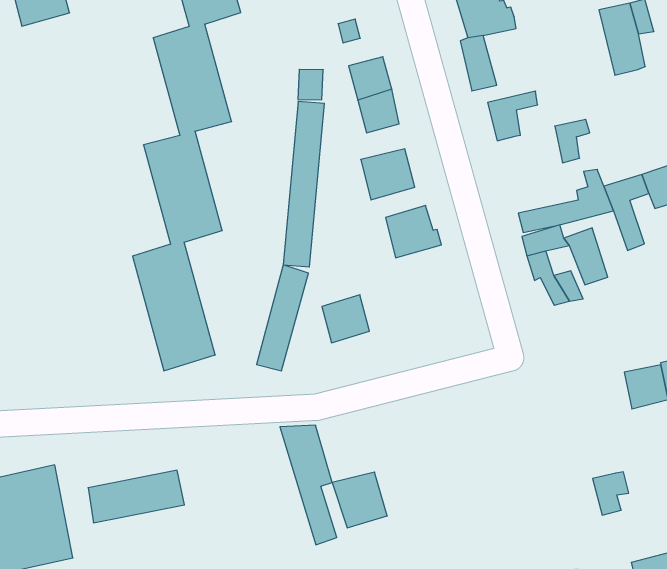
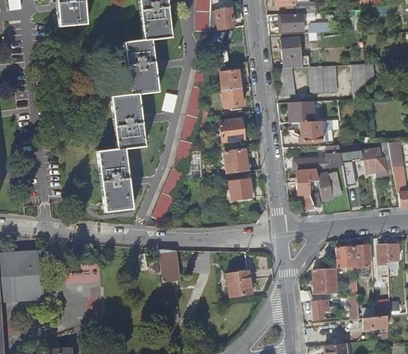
building: none -> [308,65,337,93]
building: none -> [300,119,321,139]
building: [322,295,369,343] -> [230,179,252,201]
building: none -> [313,269,336,291]
building: [332,472,387,528] -> [227,271,252,297]

